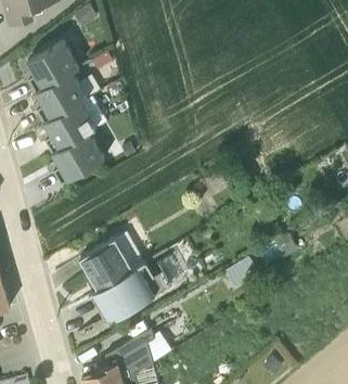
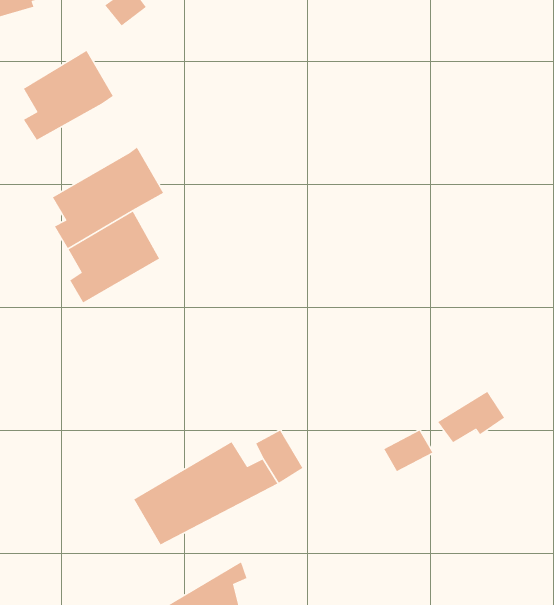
building: [36,73,88,125] -> none
building: [80,231,145,294] -> none

